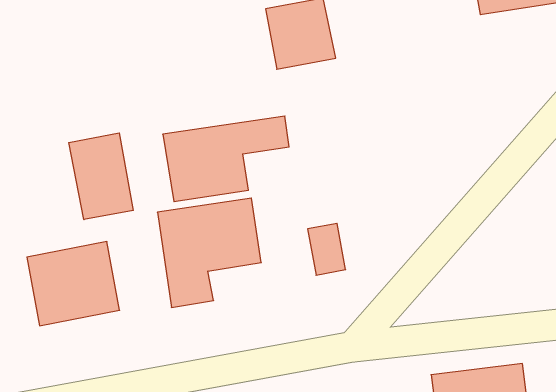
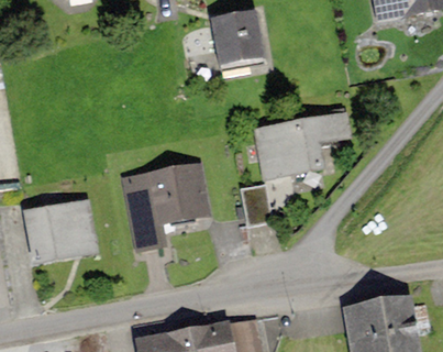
building: [163,116,289,202] -> [256,111,355,178]
building: [69,133,133,220] -> none

